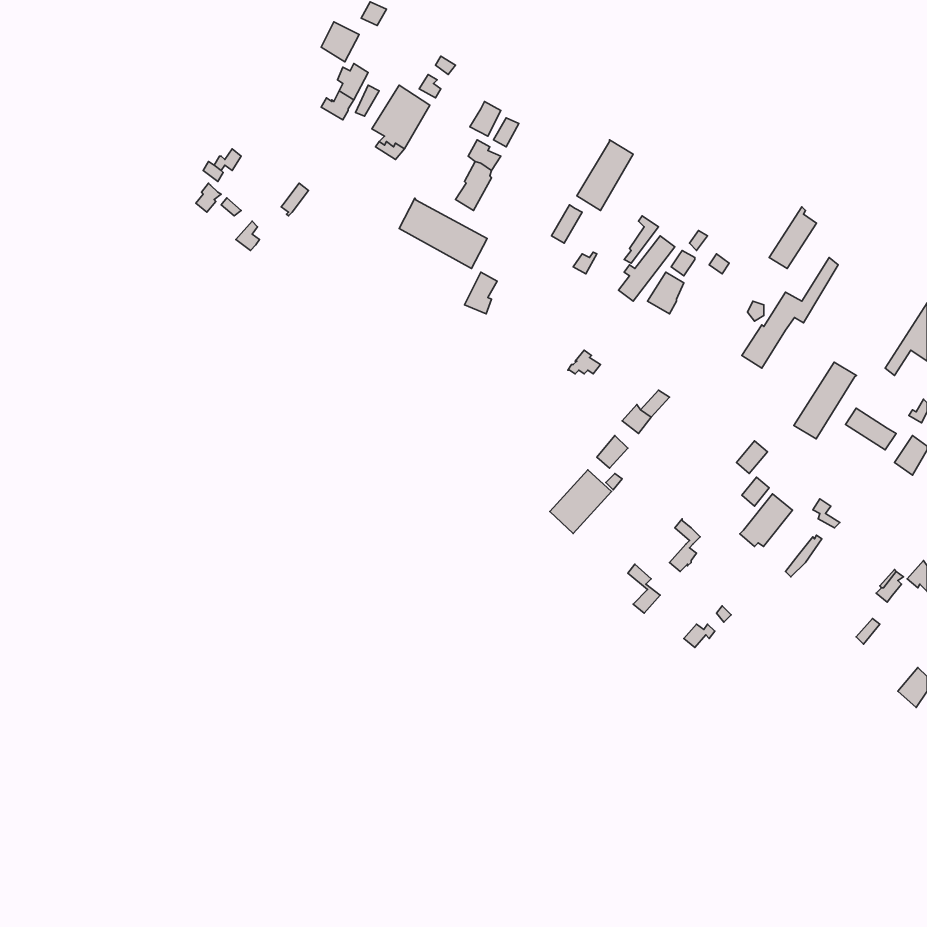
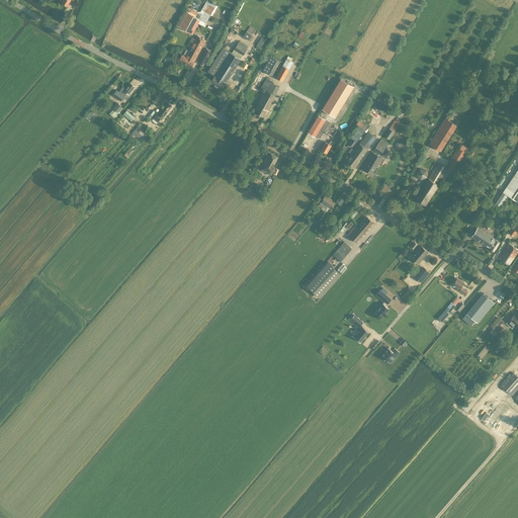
building: [399,198,487,269] -> none
building: [794,362,856,439] -> none
building: [740,494,793,546] -> [464,293,494,323]

